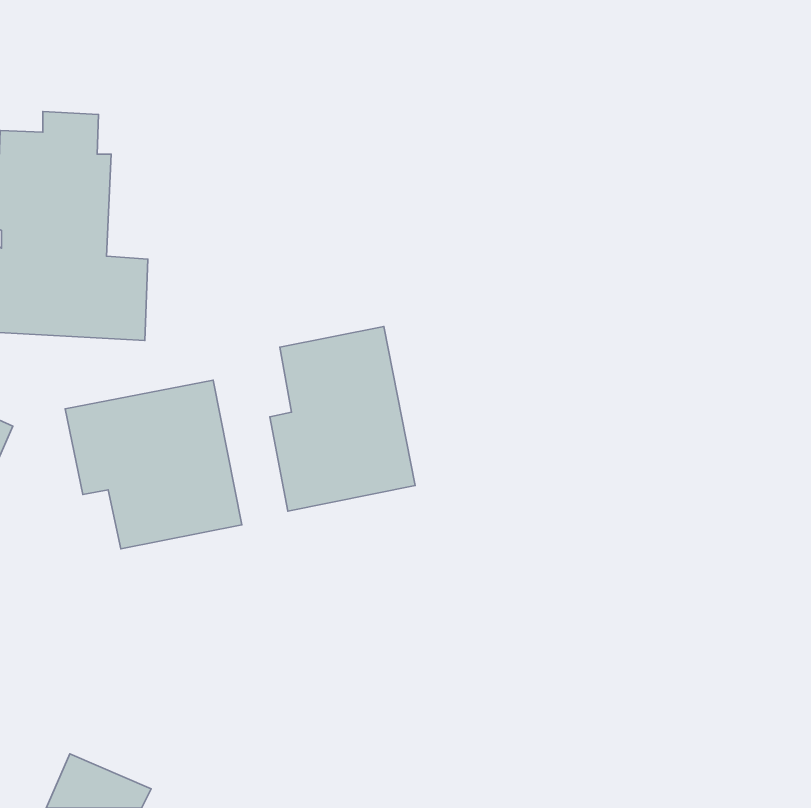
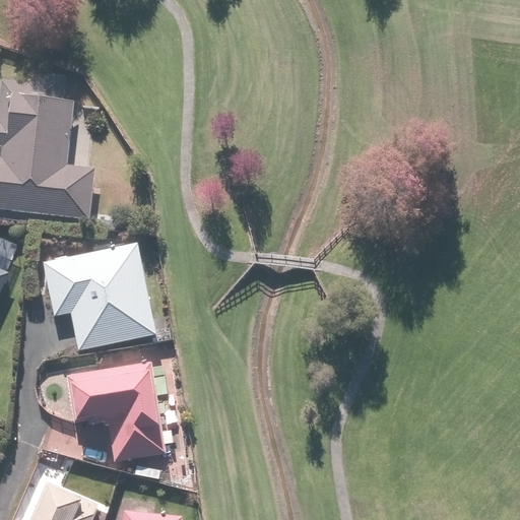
building: [270,327,415,511] -> none
building: none -> [65,362,172,461]

